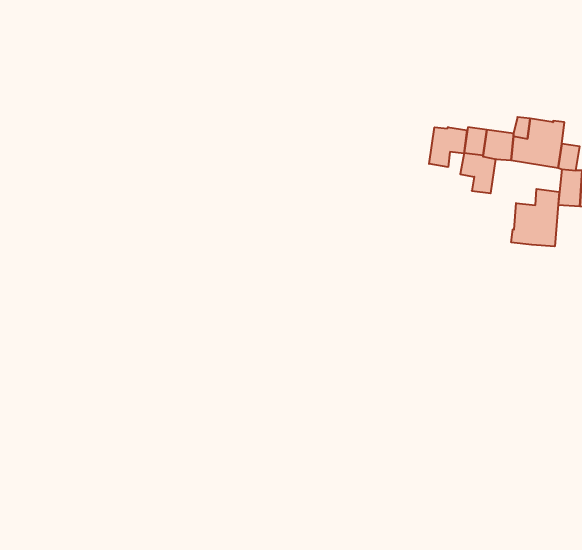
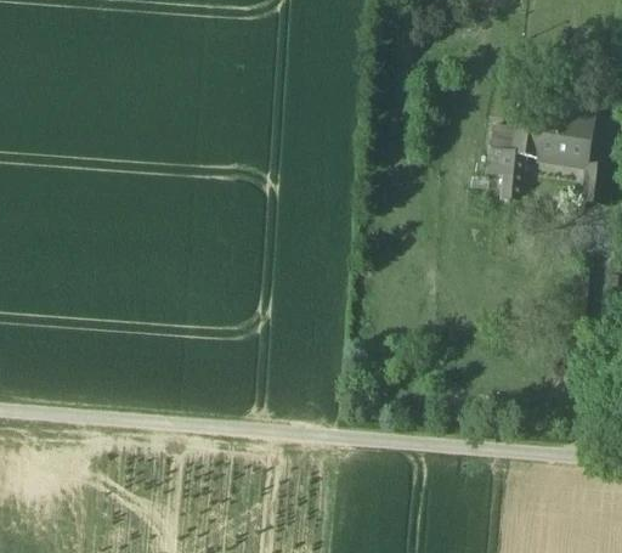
building: [429,127,467,167] -> none
building: [511,189,559,246] -> none

